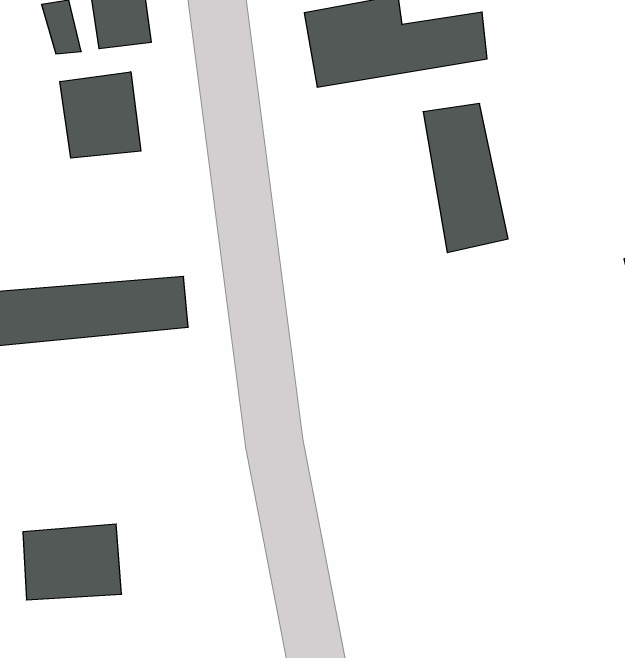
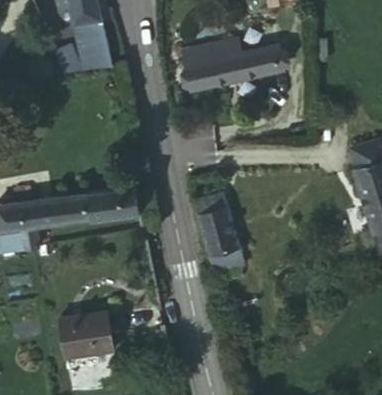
building: [60,72,141,158] -> none
building: [423,104,508,253] -> [199,192,247,270]

